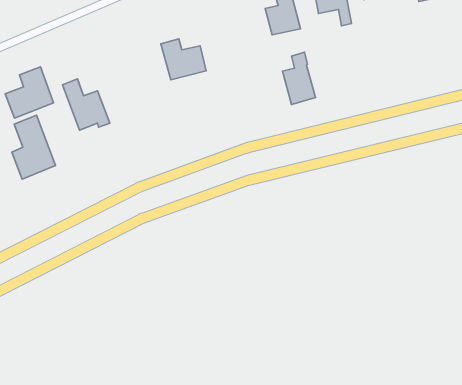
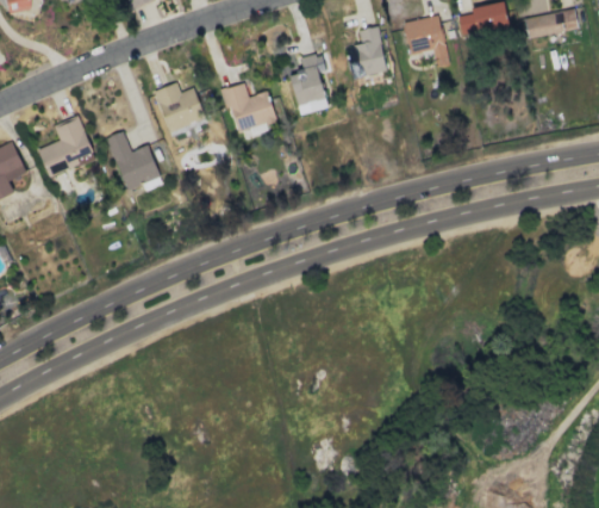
building: none -> [154,81,206,132]
building: [283,52,316,104] -> [289,52,329,114]
building: [12,115,56,179] -> none

